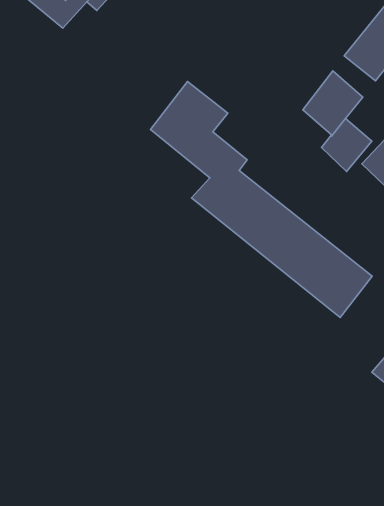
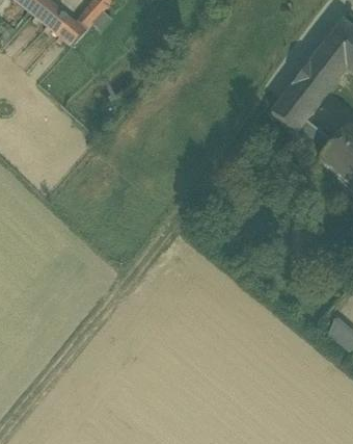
building: none -> [294,67,329,101]
building: [151,81,372,317] -> none

